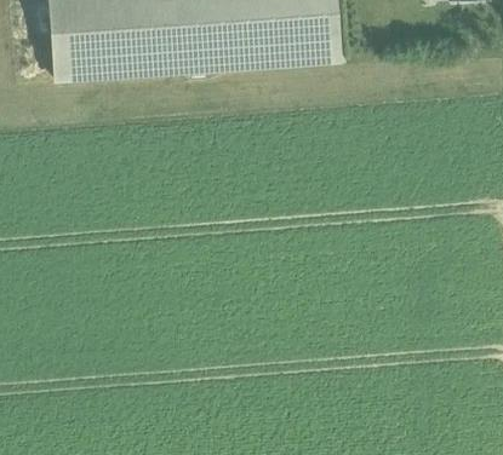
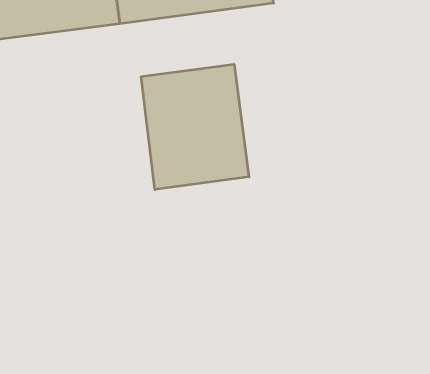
building: none -> [141,64,249,190]

